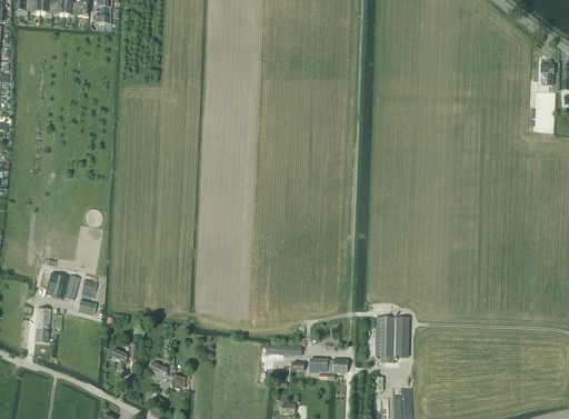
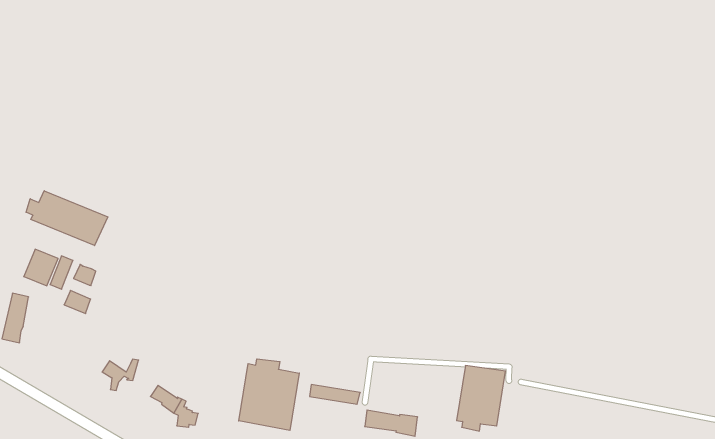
building: none -> [26,191,108,246]
building: none -> [239,359,299,430]

